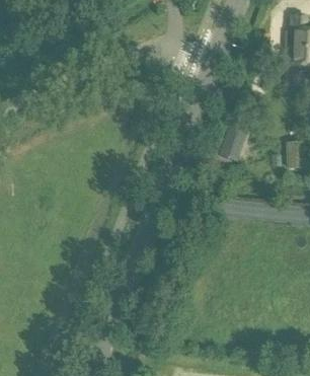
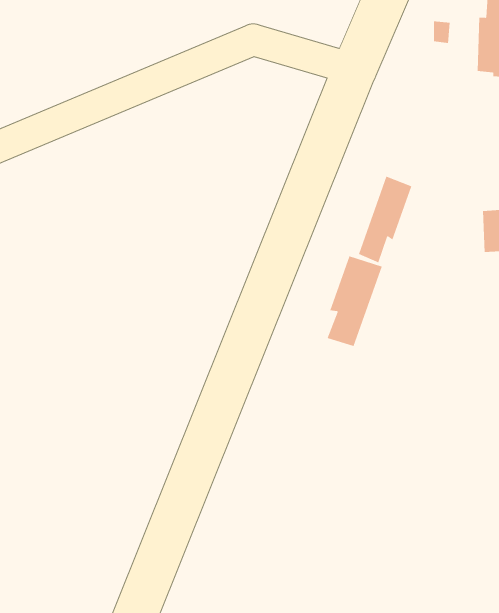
building: none -> [327,255,382,347]

